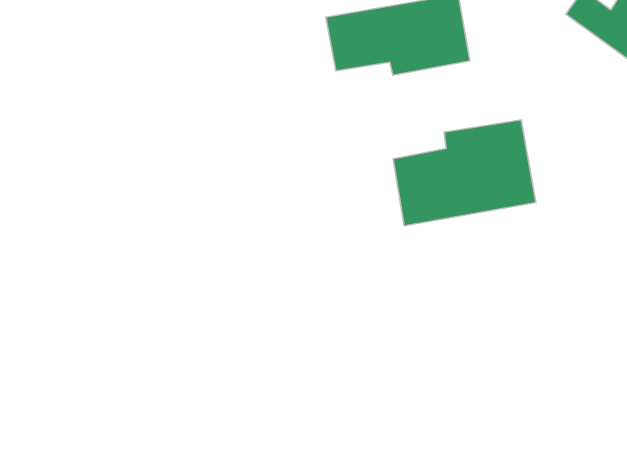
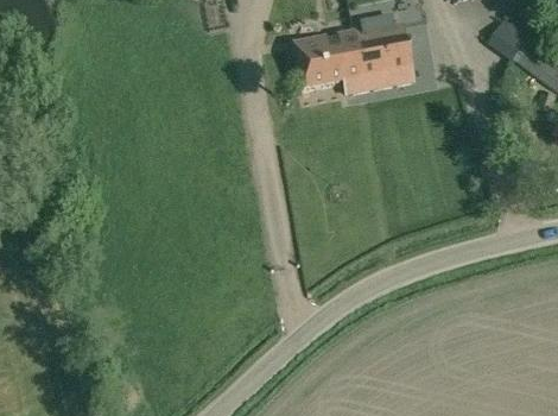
building: [393,120,536,226] -> none

